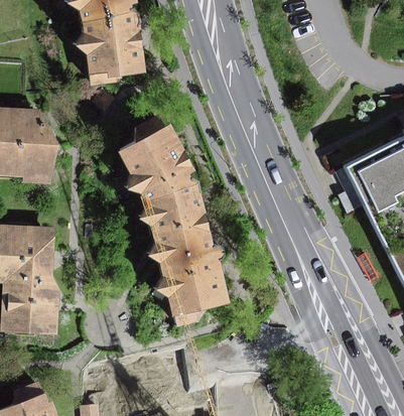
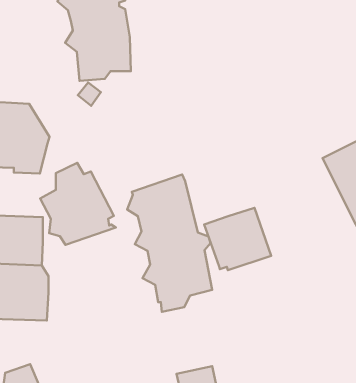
building: [120,116,198,201] -> [40,163,116,245]
building: none -> [204,208,271,270]

